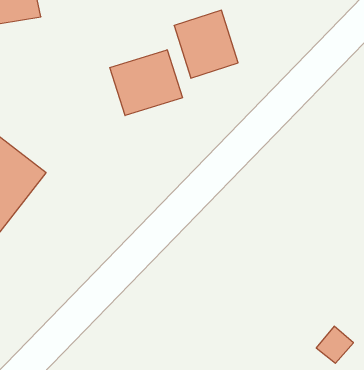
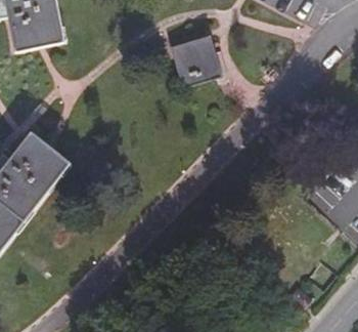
building: [110,50,182,116] -> none

